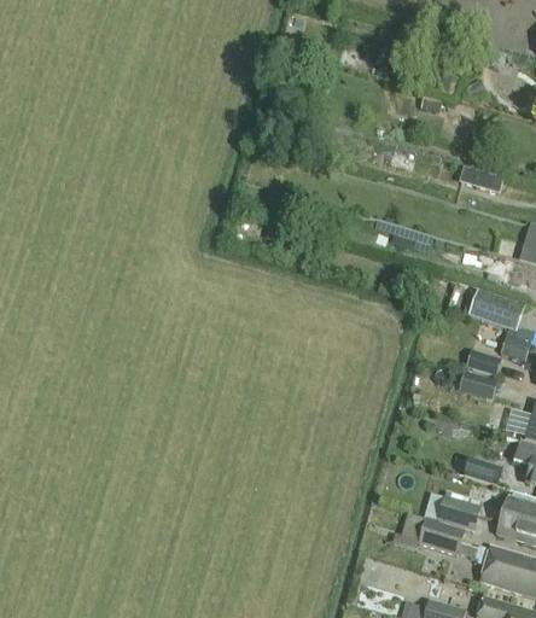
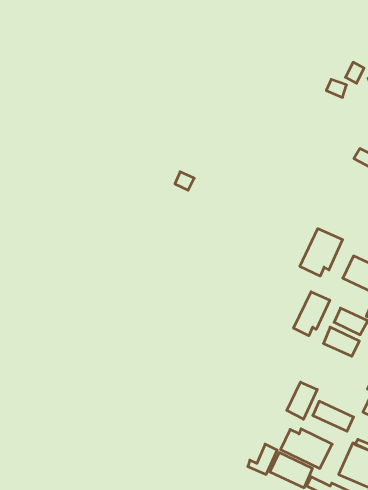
building: none -> [300,229,343,276]
building: none -> [294,292,330,336]
building: none -> [287,382,317,419]

